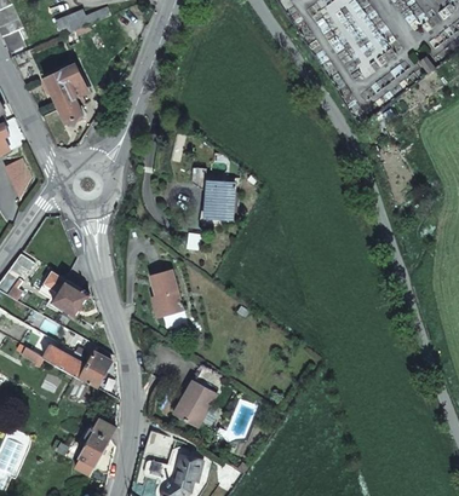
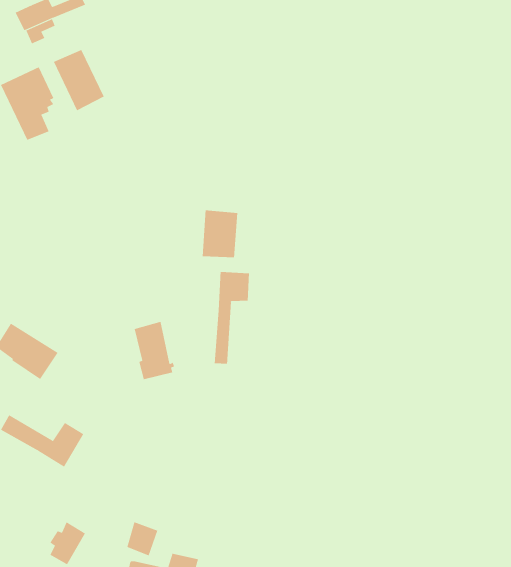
building: none -> [53,49,105,111]
building: none -> [214,271,249,364]
building: [174,365,218,428] -> none

